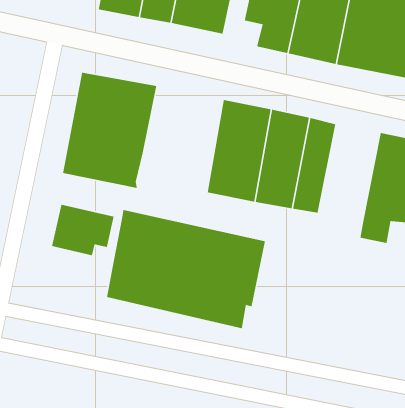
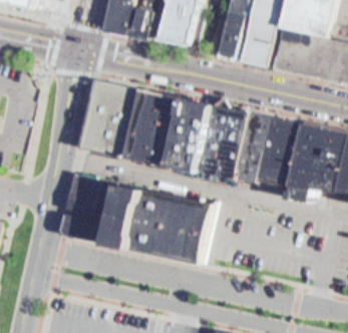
building: none -> [131,88,195,166]
building: none -> [264,116,309,189]
building: none -> [64,206,114,243]

